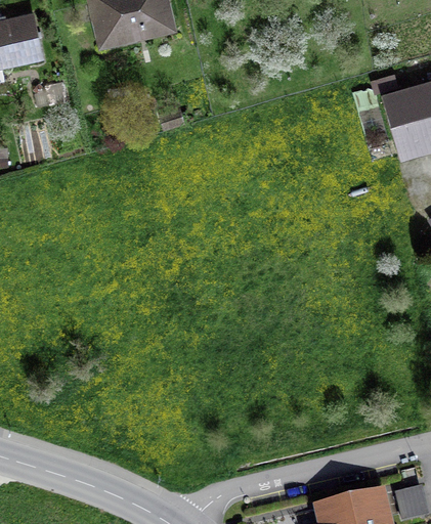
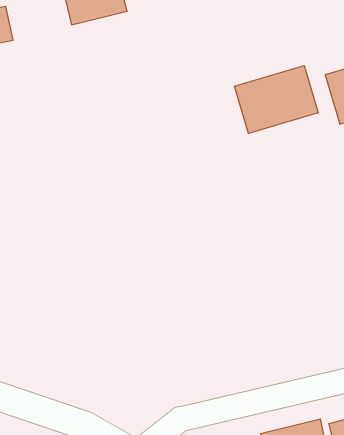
building: none -> [235,66,318,133]

